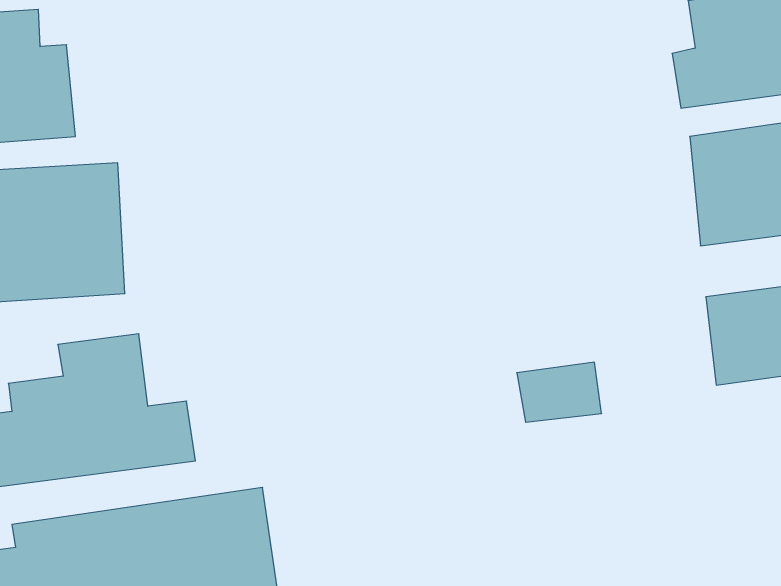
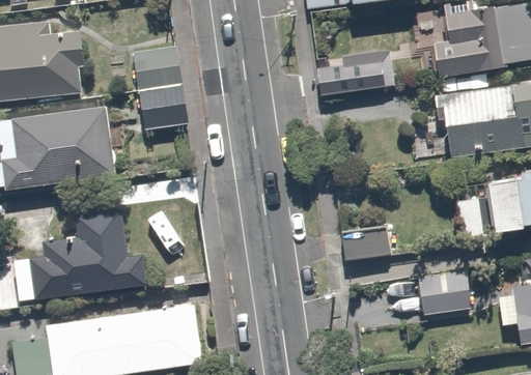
building: none -> [318,42,401,94]
building: none -> [133,47,188,132]
building: none -> [412,276,473,316]

